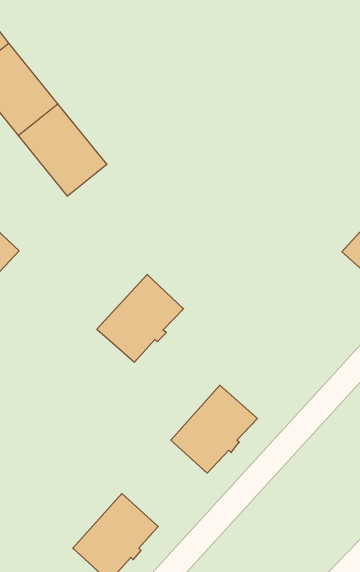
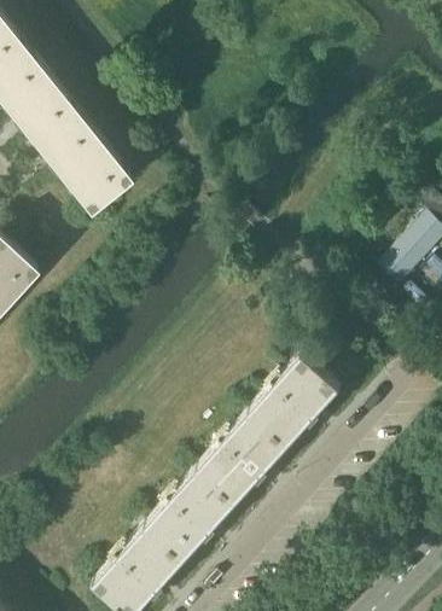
building: [97,274,184,362] -> [249,354,341,447]
building: none -> [145,470,235,561]

